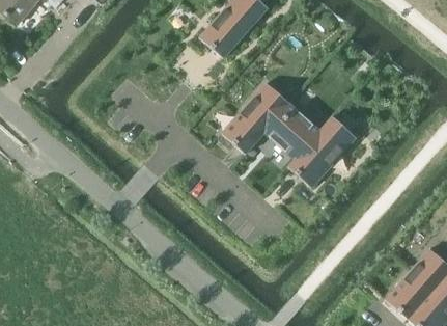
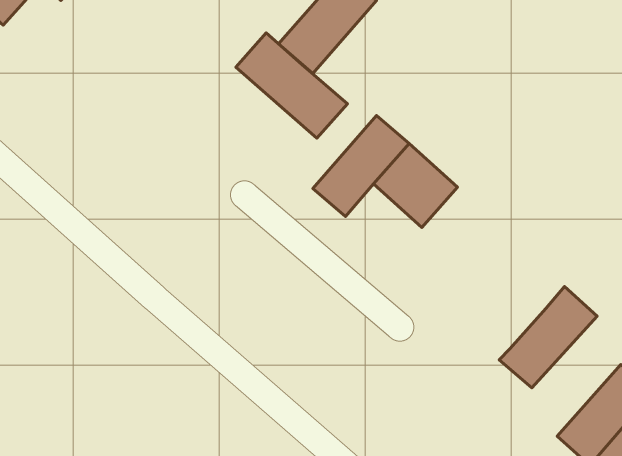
building: none -> [236,33,347,138]
building: [289,117,355,185] -> [499,287,597,388]

